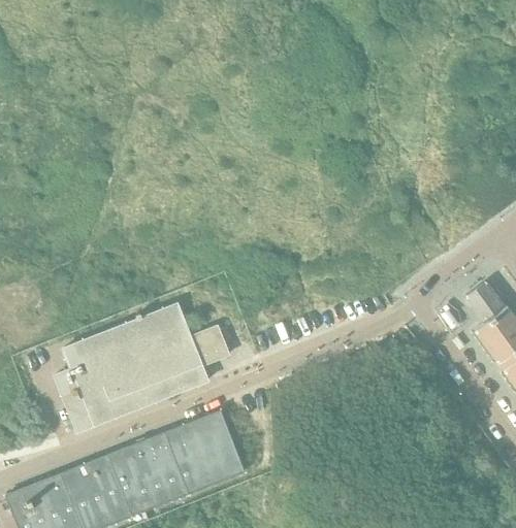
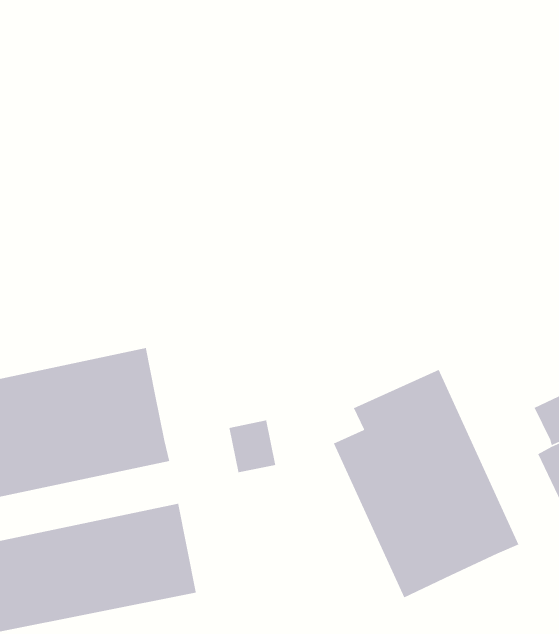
building: none -> [333,369,520,598]
building: [192,324,231,366] -> [228,420,276,473]

